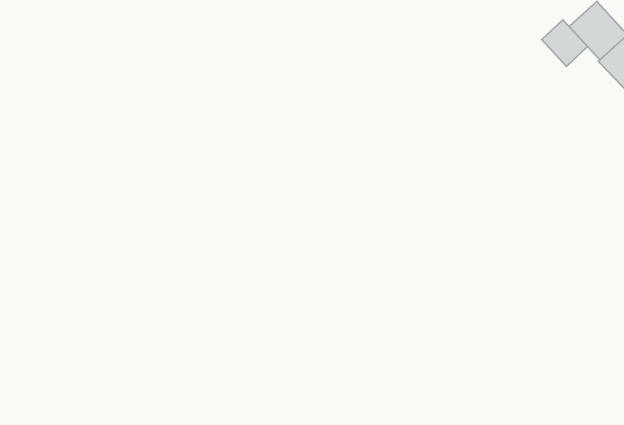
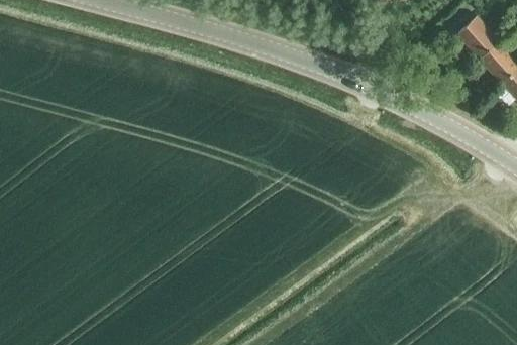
building: [542,20,588,66] -> none

